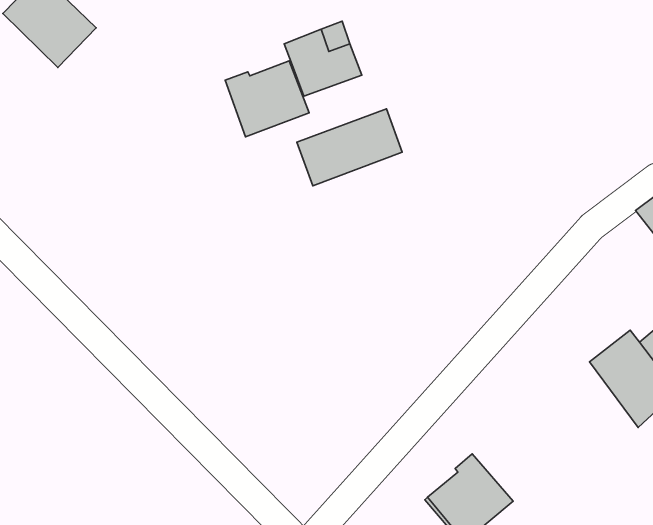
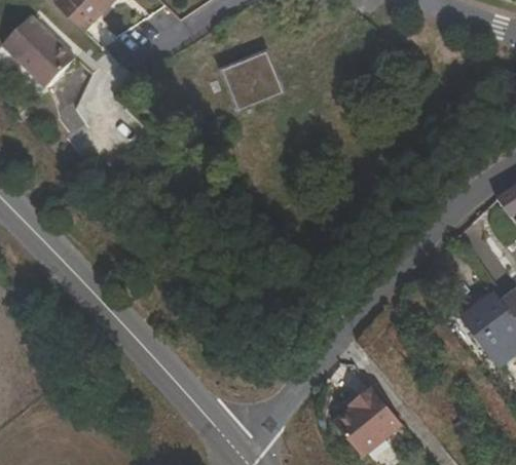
building: [225,61,309,137] -> none
building: [297,109,402,186] -> none

